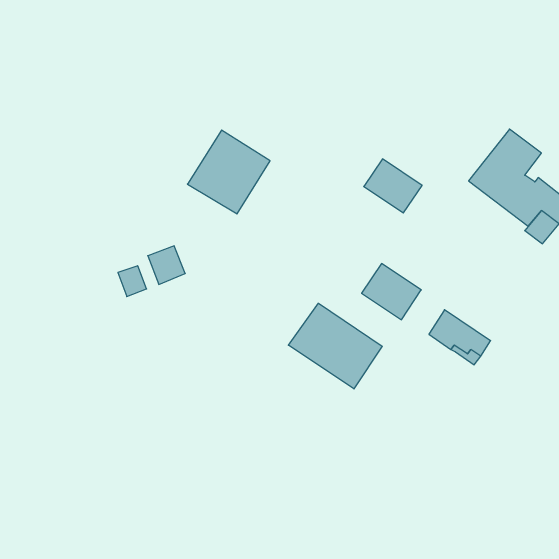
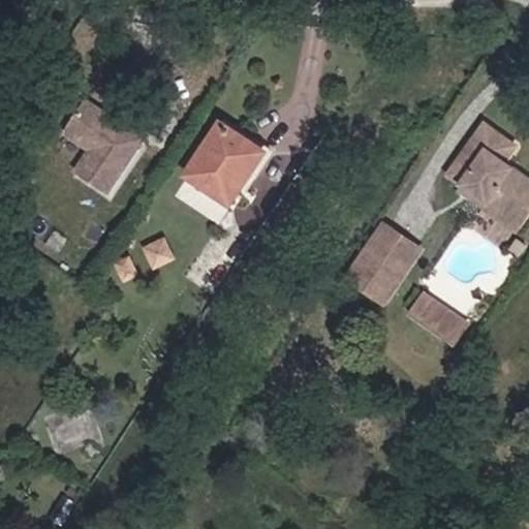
building: none -> [70,93,150,185]
building: [364,159,422,213] -> [362,225,416,276]
building: [288,303,382,389] -> none

